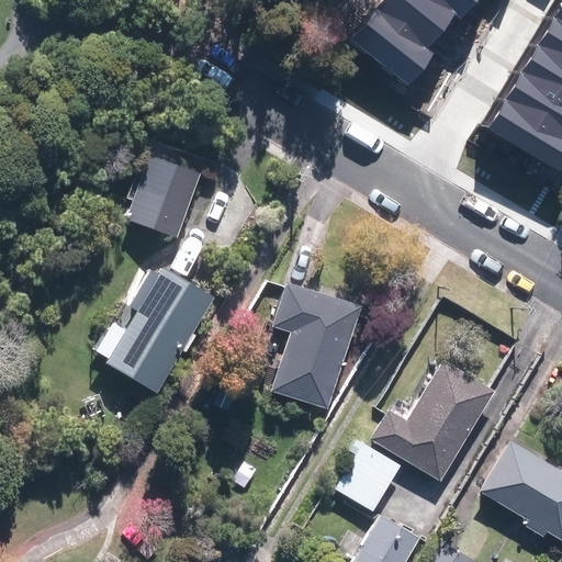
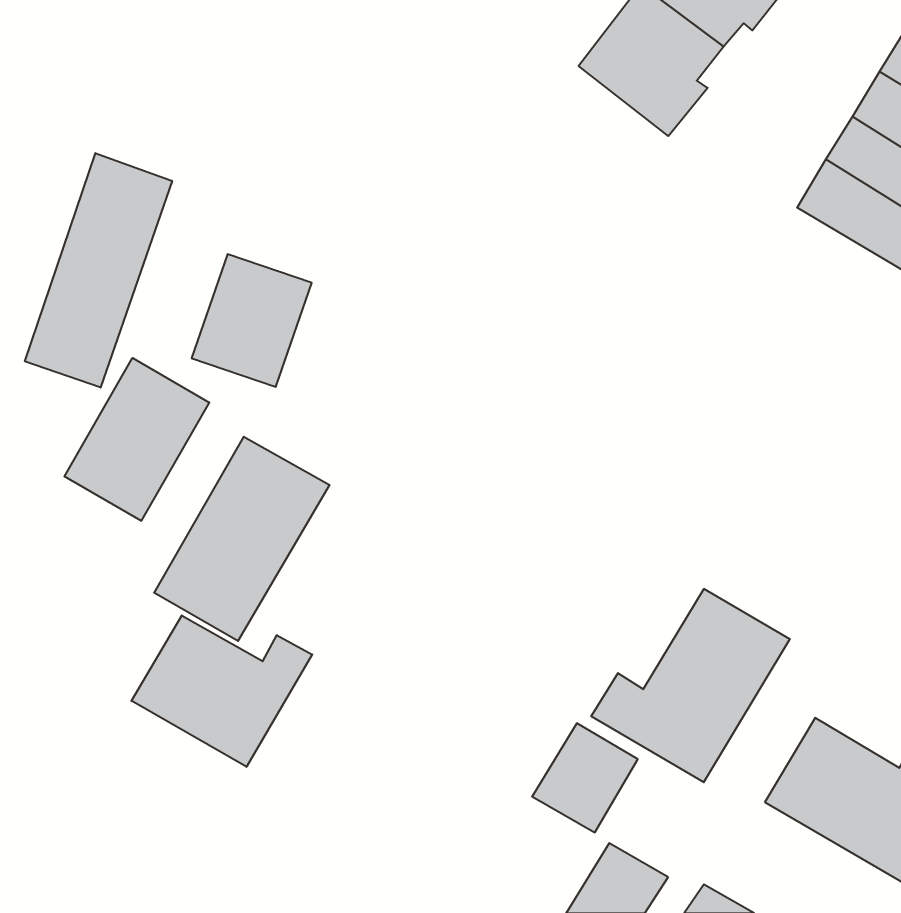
building: none -> [25,153,172,388]
building: none -> [64,358,209,521]
building: [268,285,357,407] -> none
building: none -> [131,615,312,767]

